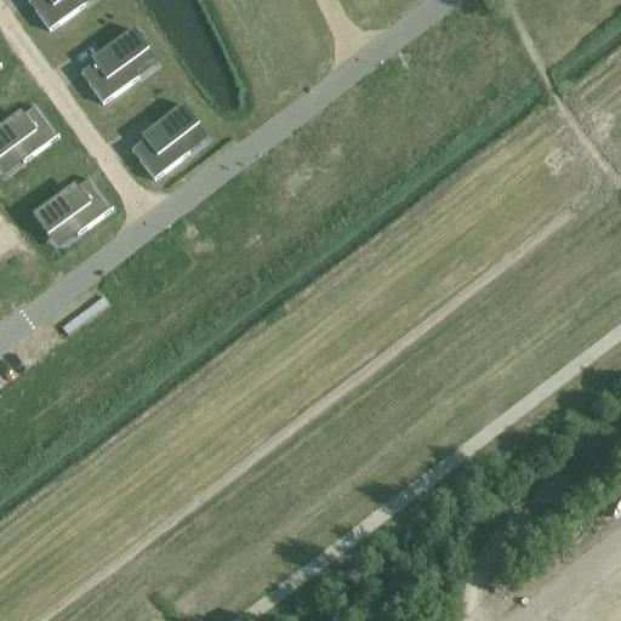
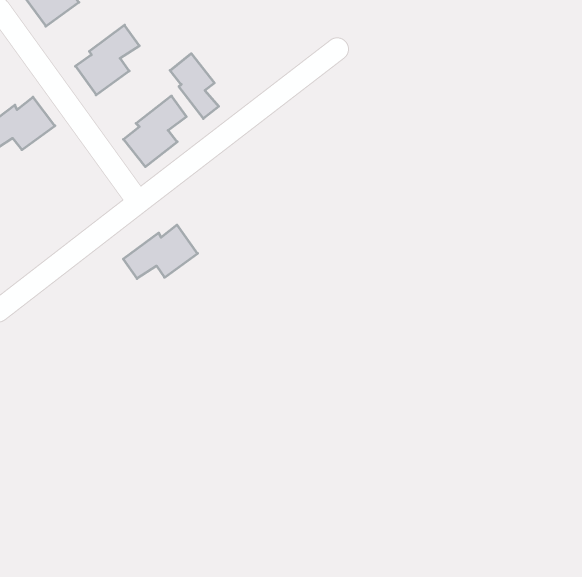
building: none -> [170,54,219,119]
building: [33,176,112,233] -> [123,225,198,279]

